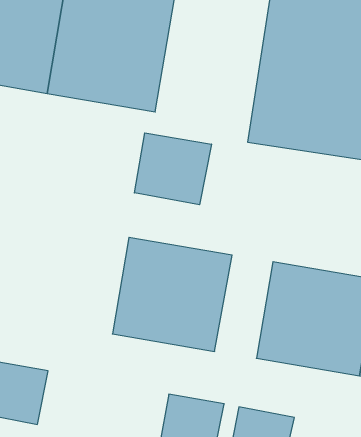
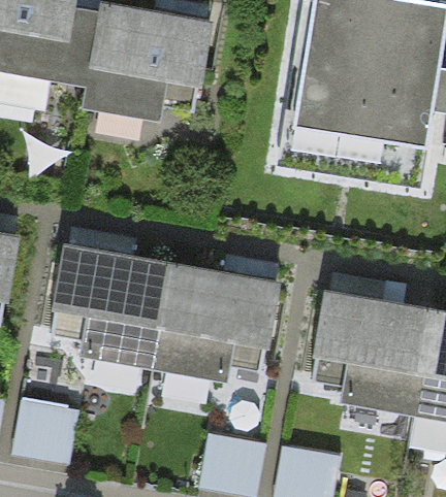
building: [134,133,211,205] -> none
building: none -> [40,245,167,366]

